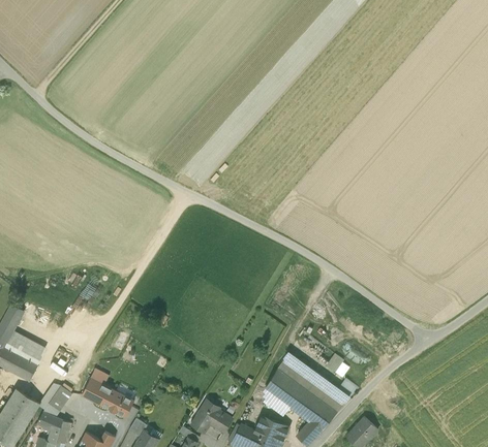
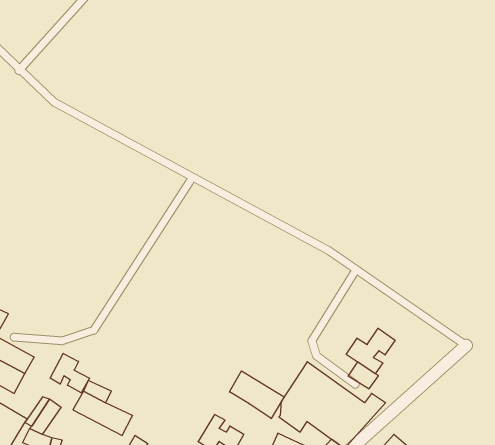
building: none -> [346,328,395,374]
building: none -> [50,353,89,393]
building: none -> [229,371,284,419]

